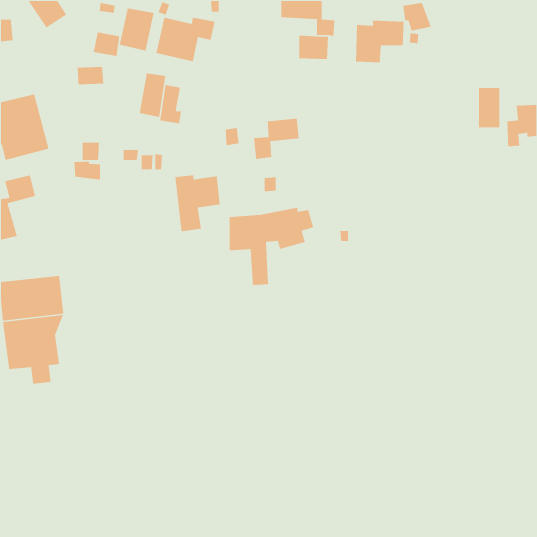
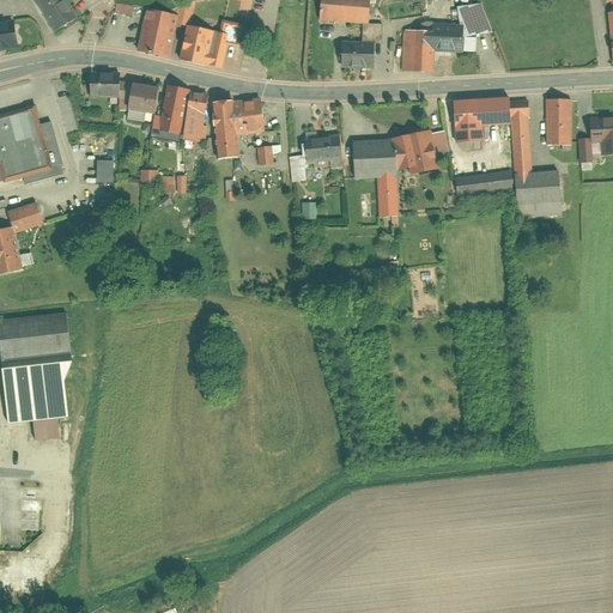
building: [93,32,120,57] -> [126,81,157,110]
building: none -> [453,99,562,219]
building: [74,161,101,181] -> none
building: [174,175,221,232] -> [208,96,261,162]
building: [229,207,314,286] -> [352,128,449,218]

